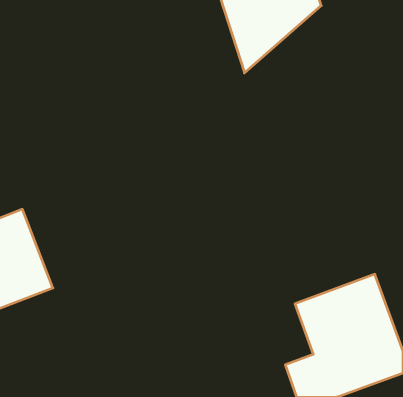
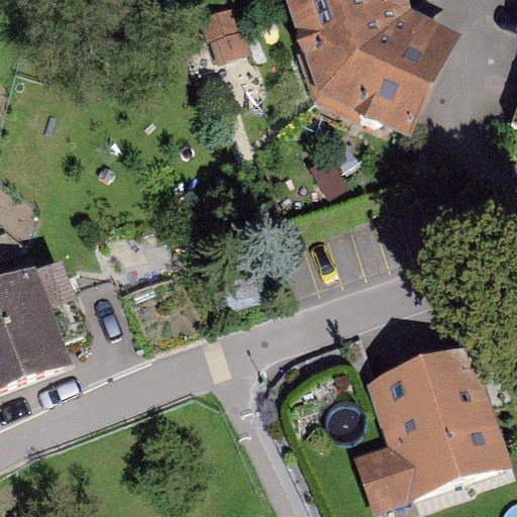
building: none -> [308,7,454,137]

